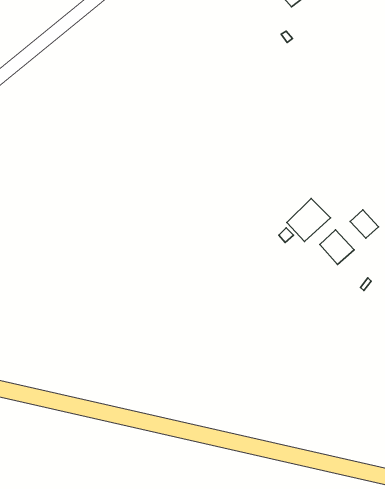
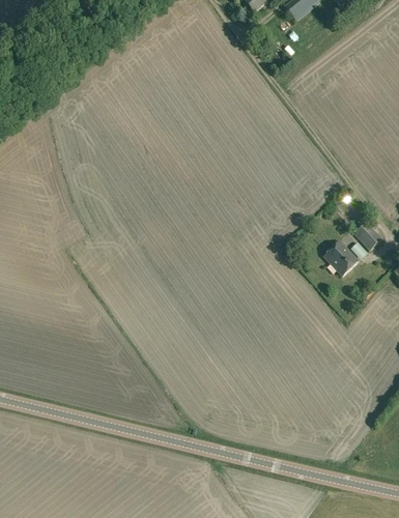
building: [287,199,330,241] -> none

